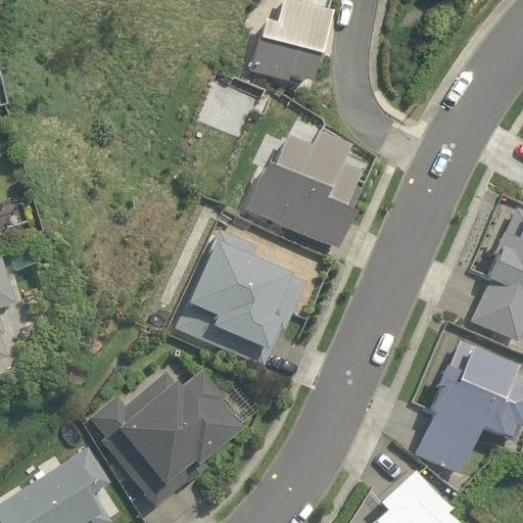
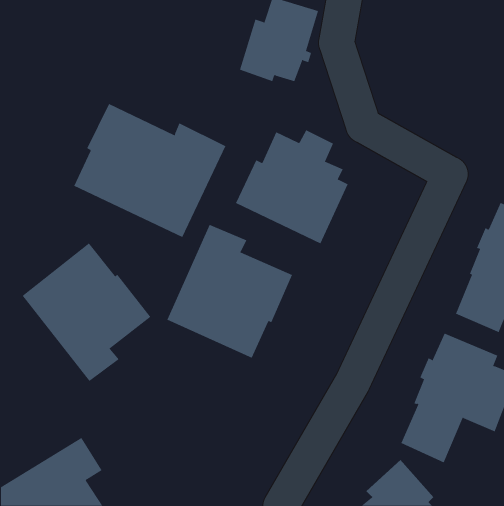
building: none -> [74,103,226,238]
building: none -> [22,242,151,382]
building: [90,372,239,507] -> none

